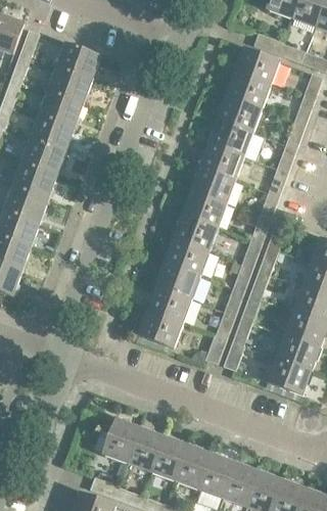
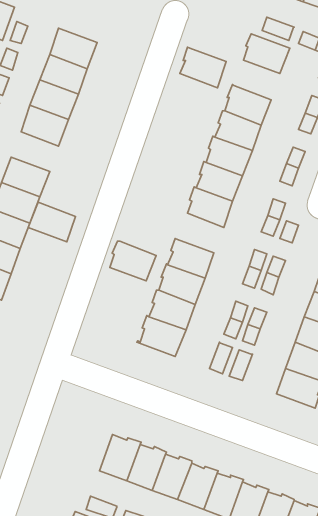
building: [228,71,271,108] -> [180,47,226,88]
building: [21,138,65,175] -> [28,202,76,242]
building: [176,214,219,250] -> [110,241,156,281]

